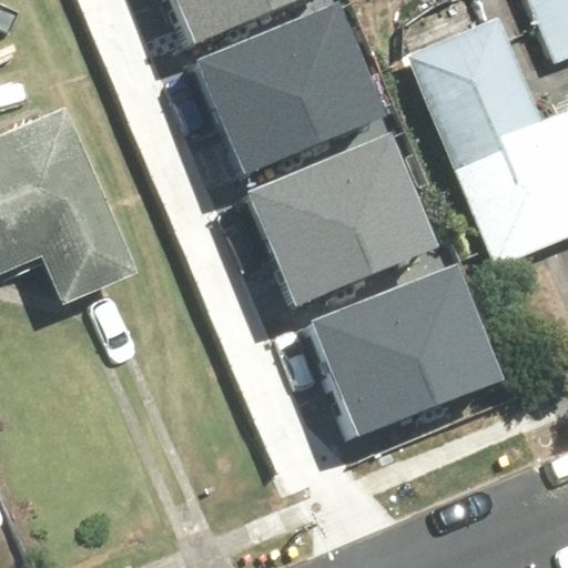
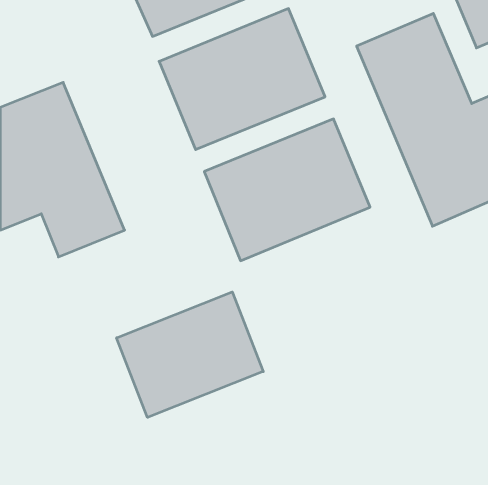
building: [302,284,467,436] -> none
building: none -> [117,292,263,417]

